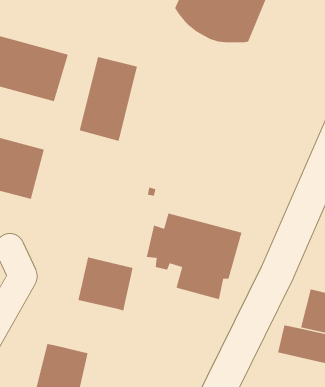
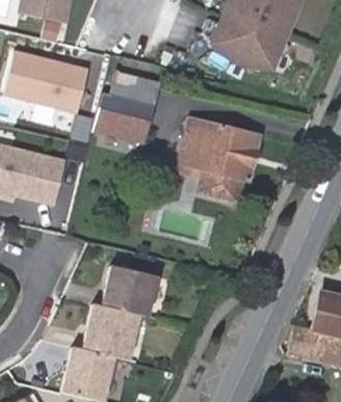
building: [146,213,242,300] -> [173,118,264,202]
building: none -> [84,301,140,357]

